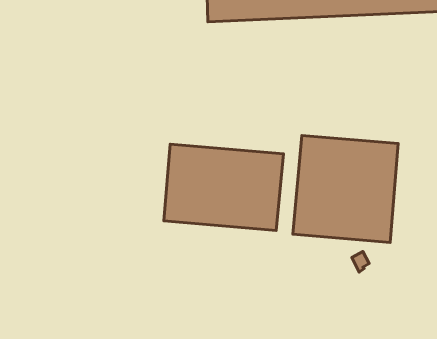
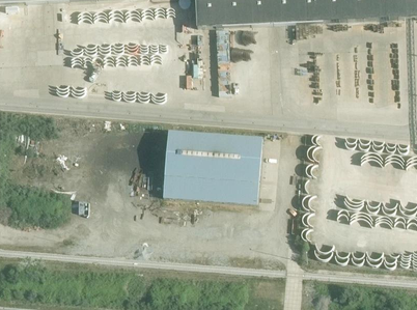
building: [293,135,398,243] -> none

